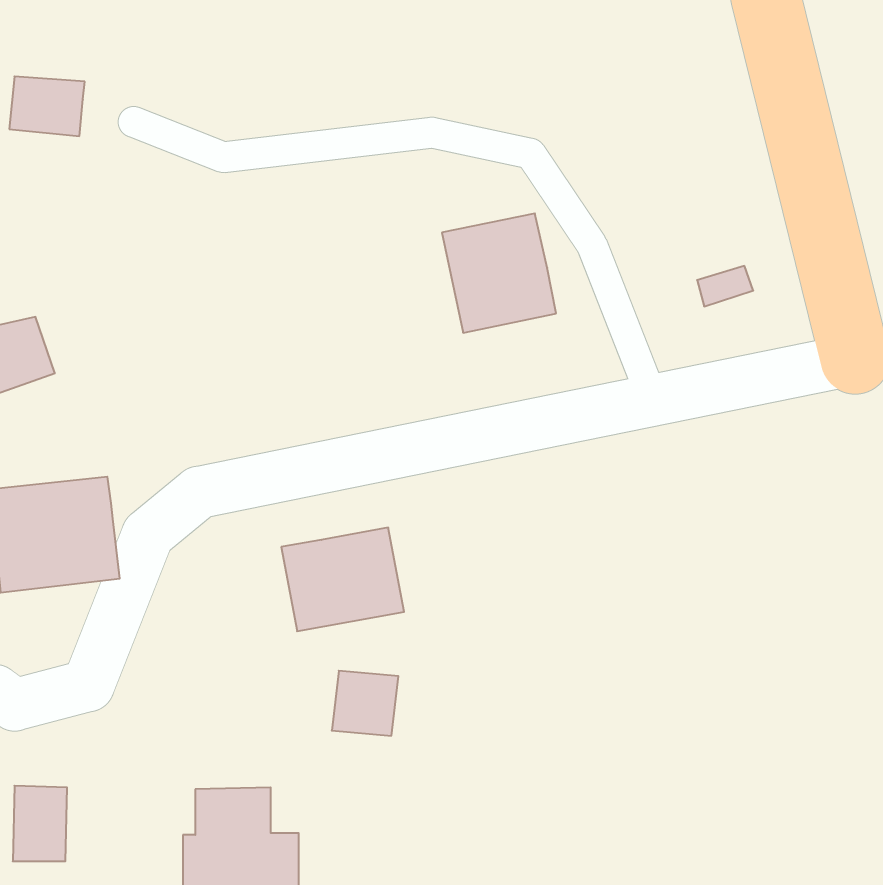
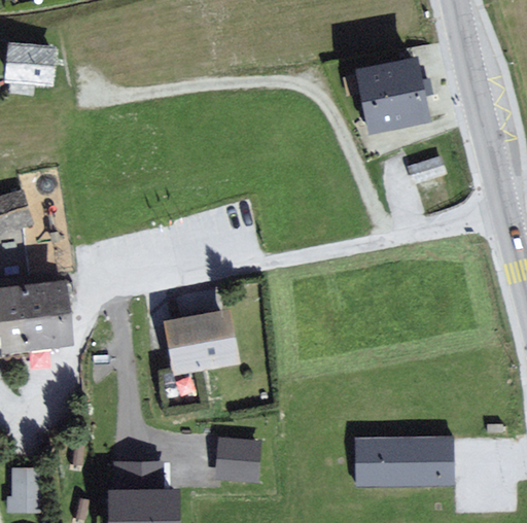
building: [442,213,556,333] -> [357,60,424,130]
building: [332,671,398,736] -> [216,441,255,479]
building: none -> [358,440,451,484]

